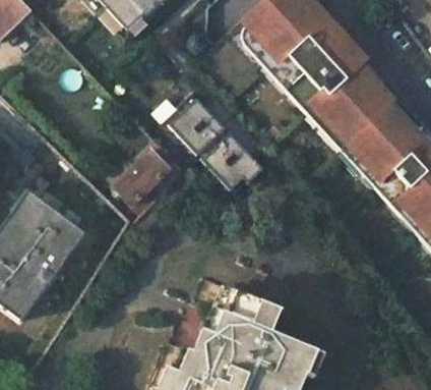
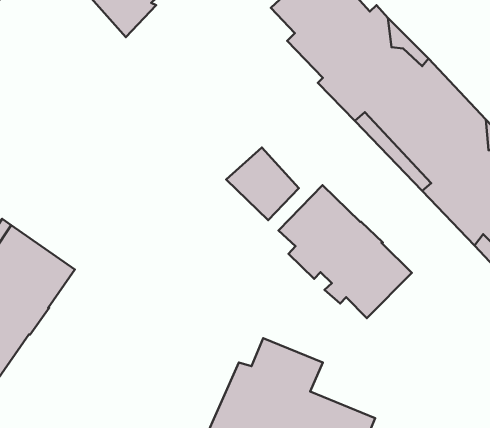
building: [166,95,225,155] -> none
building: [115,151,171,207] -> none
building: none -> [278,185,412,318]

